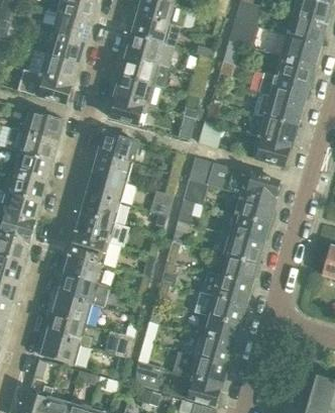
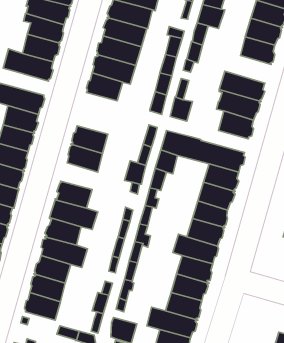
building: [258,72,309,105] -> none
building: [98,130,137,161] -> none
building: [80,192,120,221] -> none

